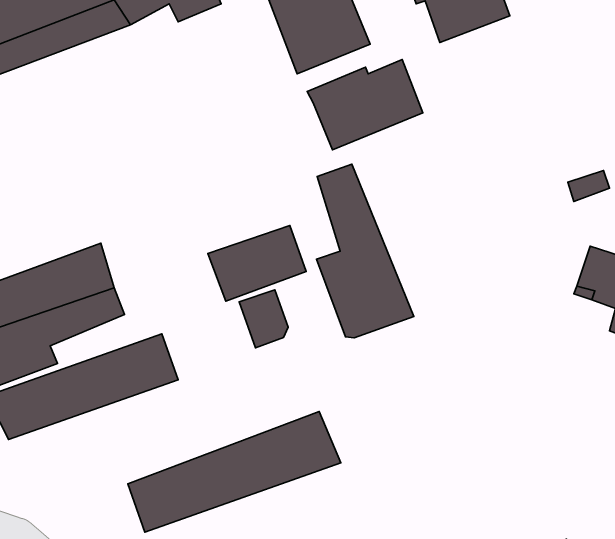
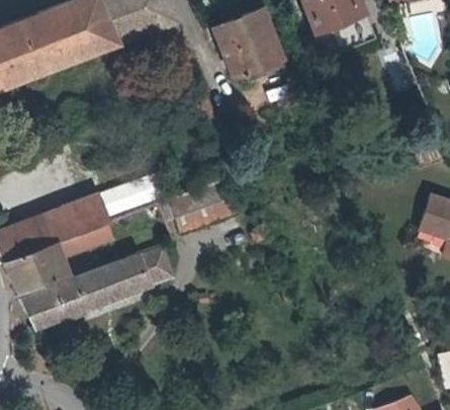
building: [307,60,423,150] -> none
building: [317,164,414,338] -> none
building: [239,290,288,348] -> [140,247,173,286]
building: [128,411,341,532] -> none

